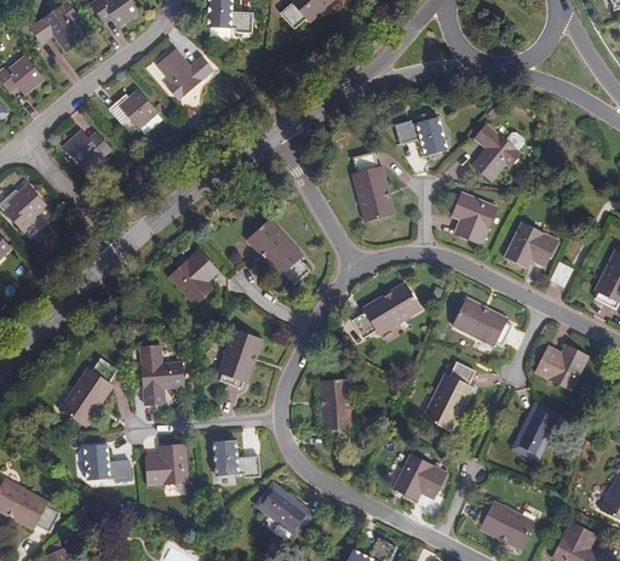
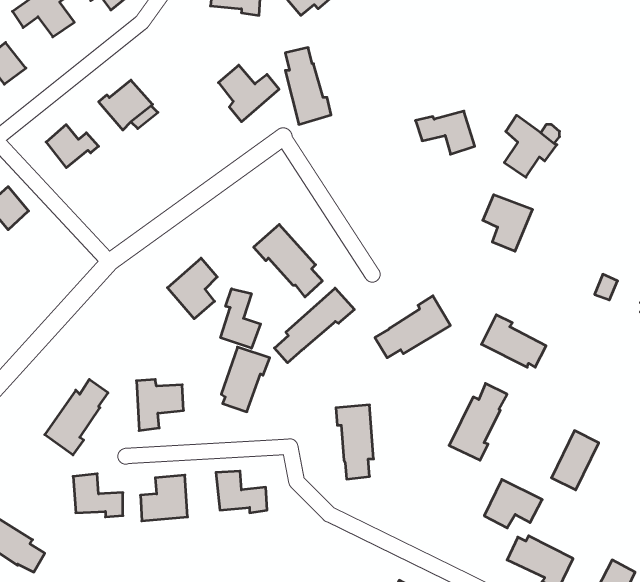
building: [155,46,209,97] -> [218,65,279,122]
building: [354,151,395,221] -> [285,48,331,124]
building: [505,221,558,265] -> none
building: none -> [274,288,354,363]
building: none -> [221,289,261,348]
building: [535,347,587,391] -> none
building: [395,452,447,496] -> [484,479,542,528]
building: [257,483,309,532] -> none

